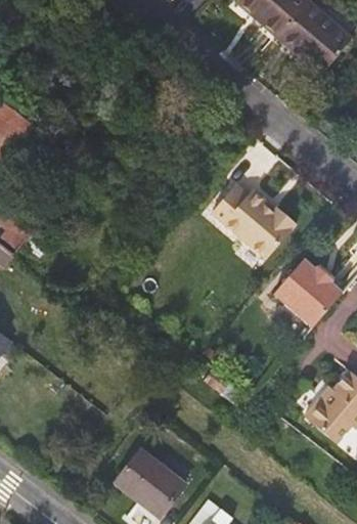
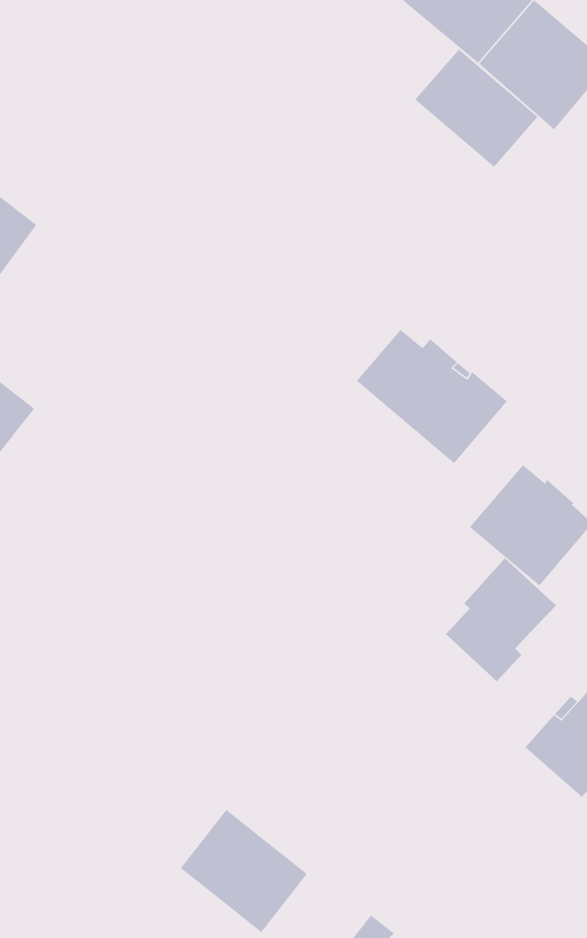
building: none -> [414,49,538,168]
building: none -> [445,557,557,682]

